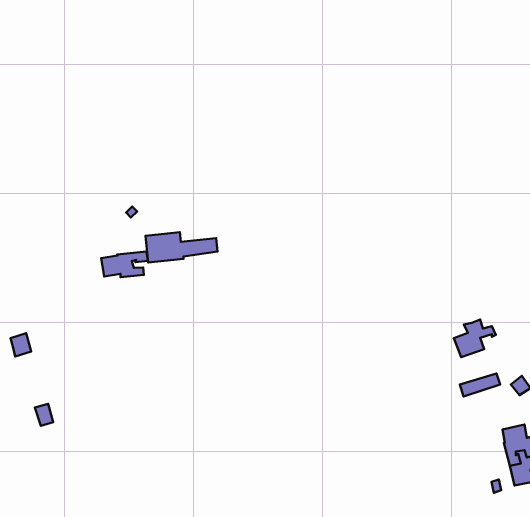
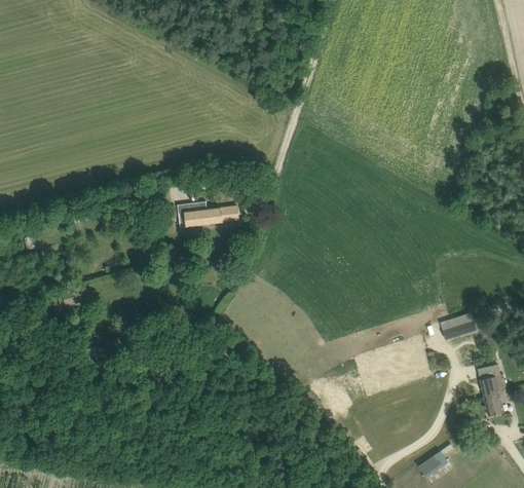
building: [101,252,148,277] -> none
building: [454,319,496,357] -> none

